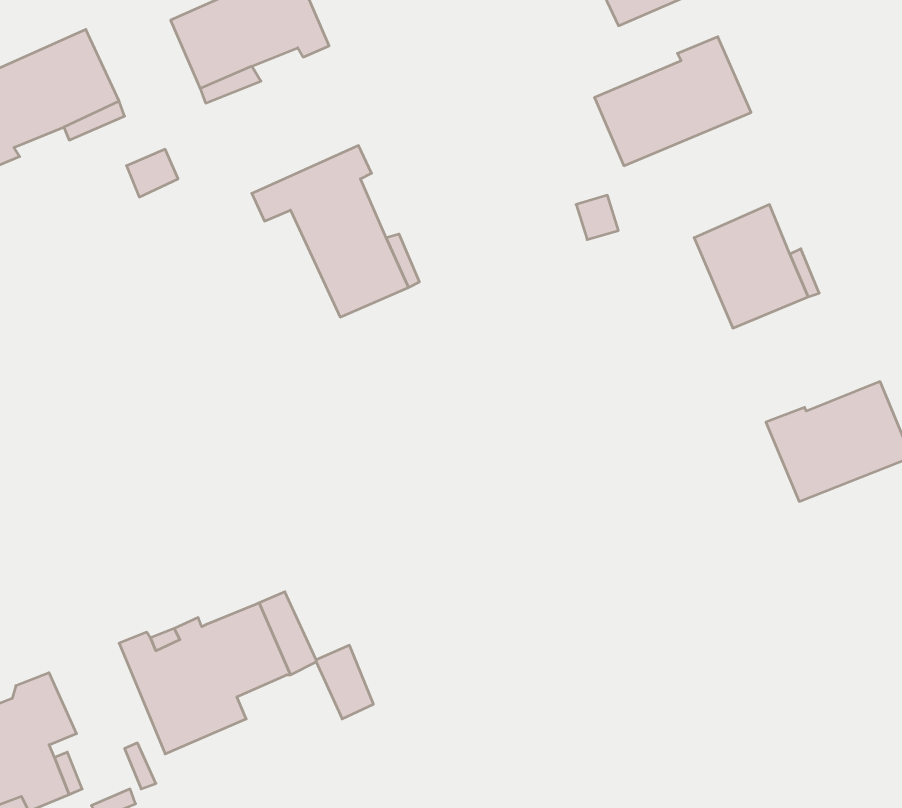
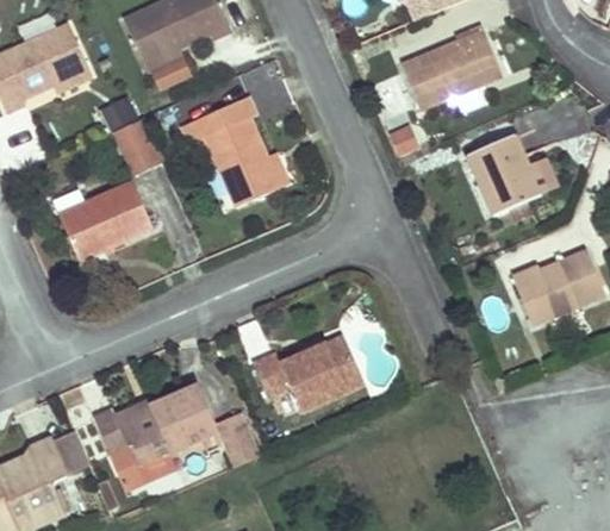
building: none -> [116,118,162,174]
building: none -> [50,180,152,263]
building: none -> [251,336,363,412]
building: none -> [48,427,88,476]

